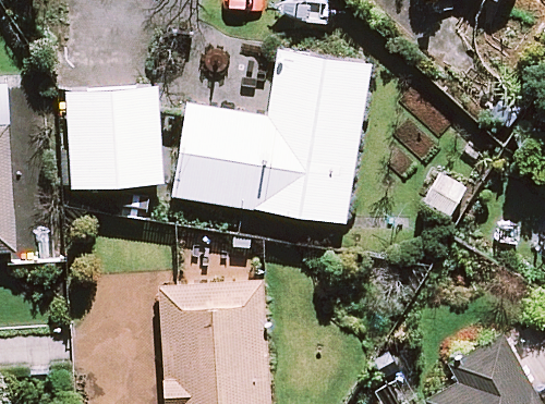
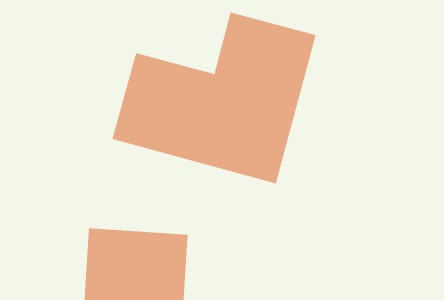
building: [69,89,161,187] -> none

